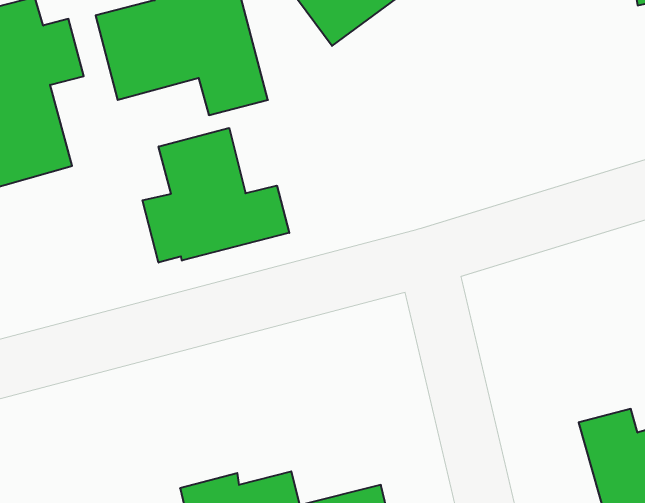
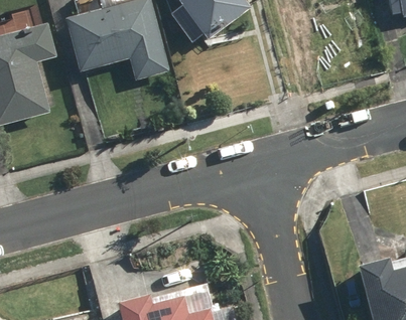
building: [142,128,289,263] -> none

